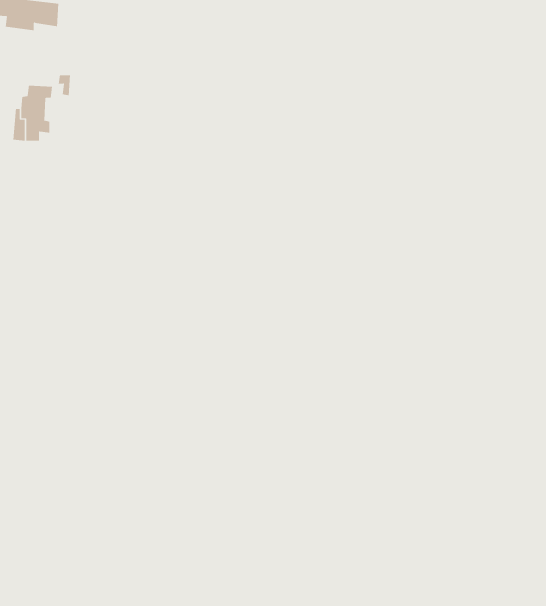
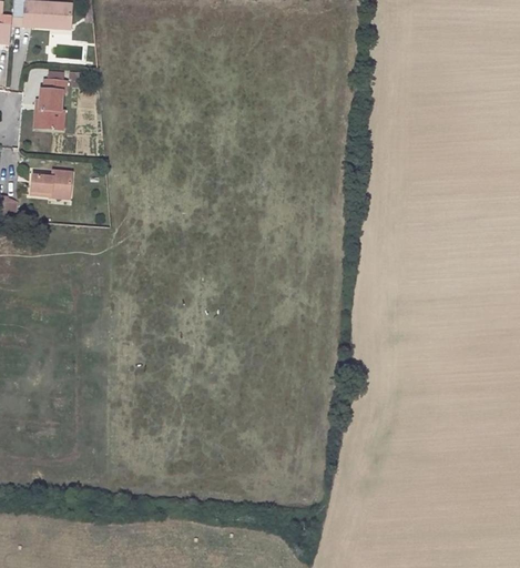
building: none -> [30,166,71,194]

